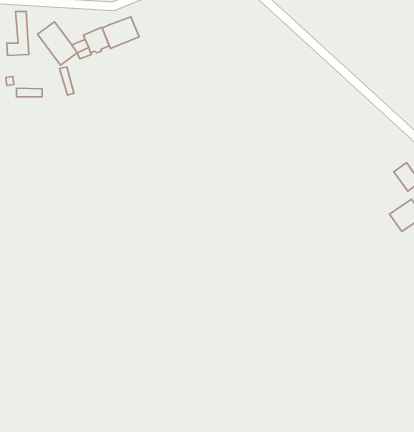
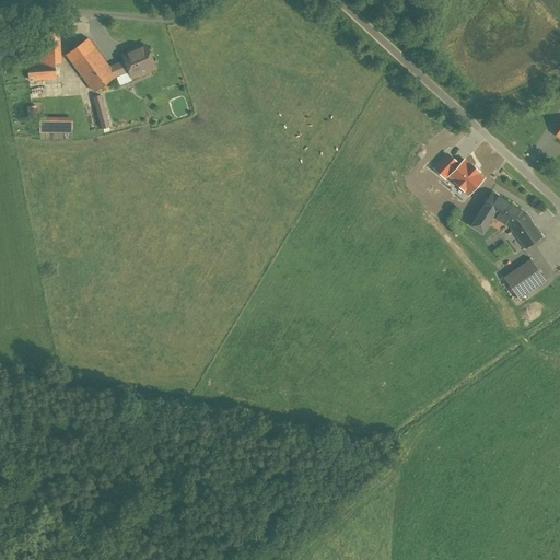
building: [102,17,139,48] -> none
building: none -> [430,155,480,191]
building: none -> [471,192,524,232]

